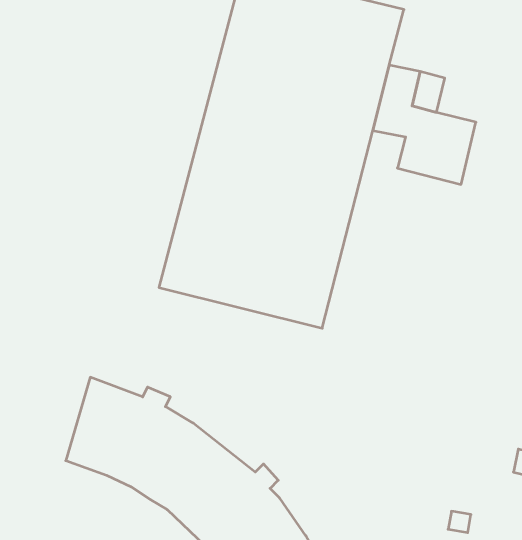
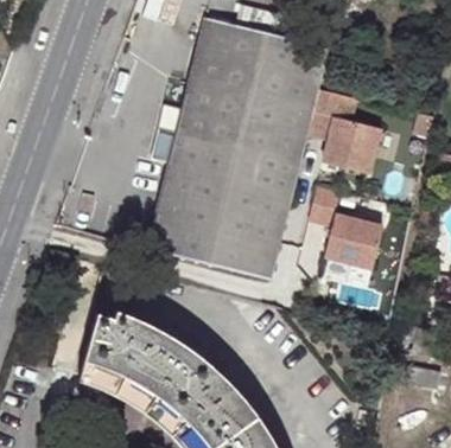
building: none -> [309,184,382,268]

